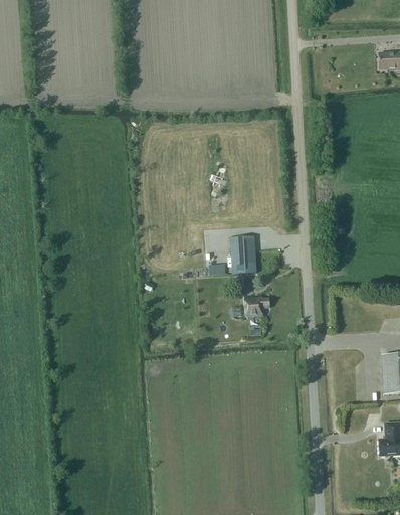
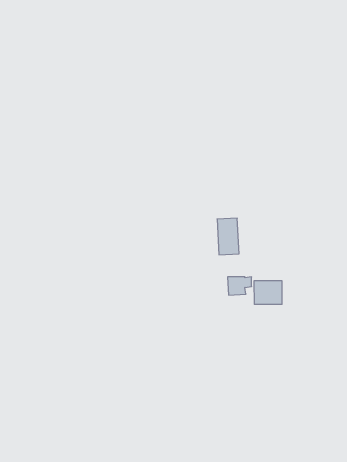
building: none -> [254,281,282,304]

